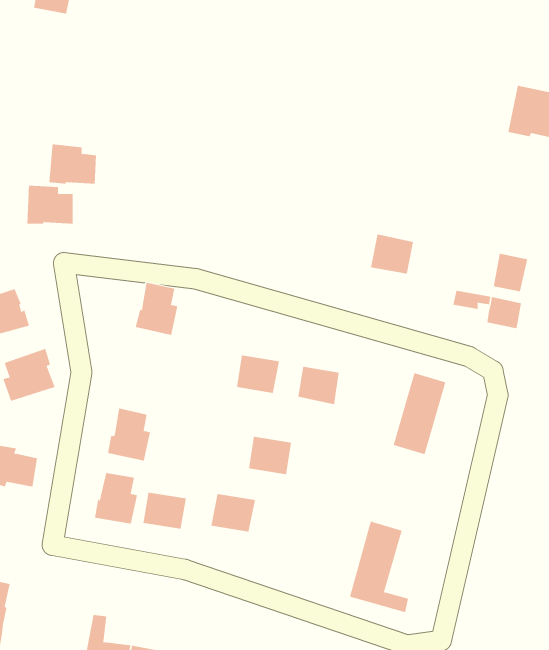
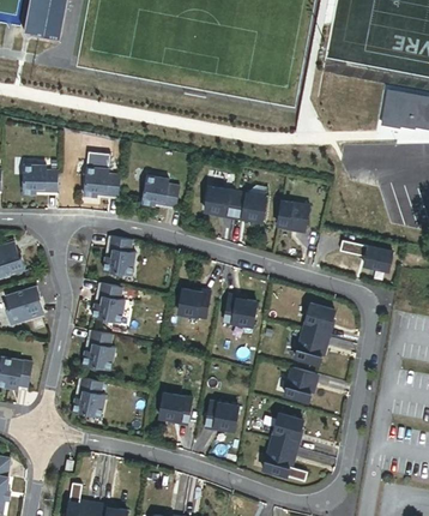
building: [49,144,97,184] -> [84,166,120,196]
building: none -> [141,174,180,208]
building: none -> [205,185,266,220]
building: [493,253,528,292] -> none
building: none -> [92,282,125,322]
building: [248,436,292,475] -> [205,401,237,430]
building: none -> [284,367,315,401]
building: [143,492,186,529] -> none

